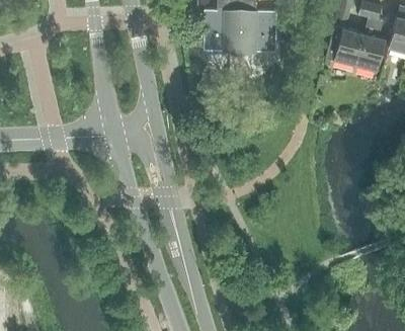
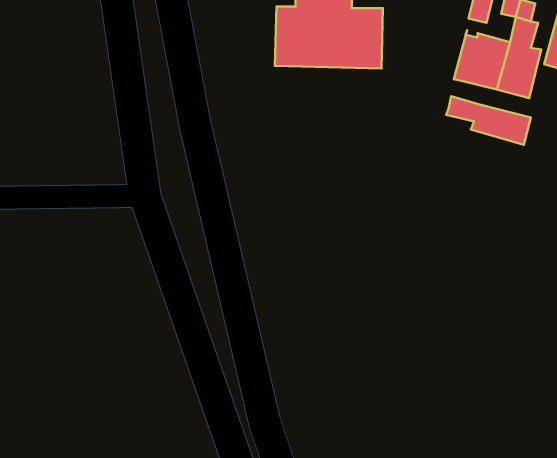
building: none -> [446,96,531,145]

